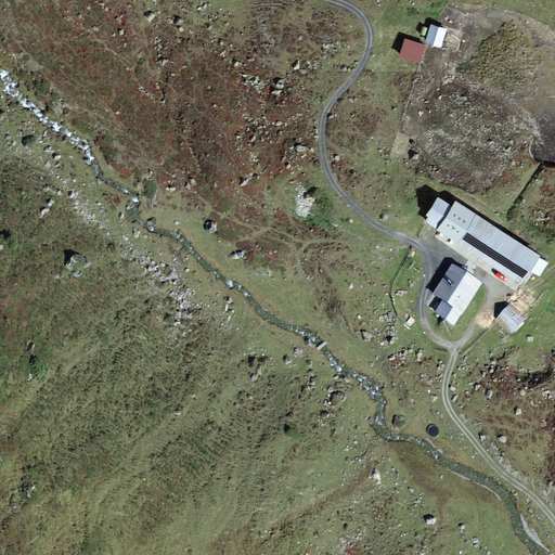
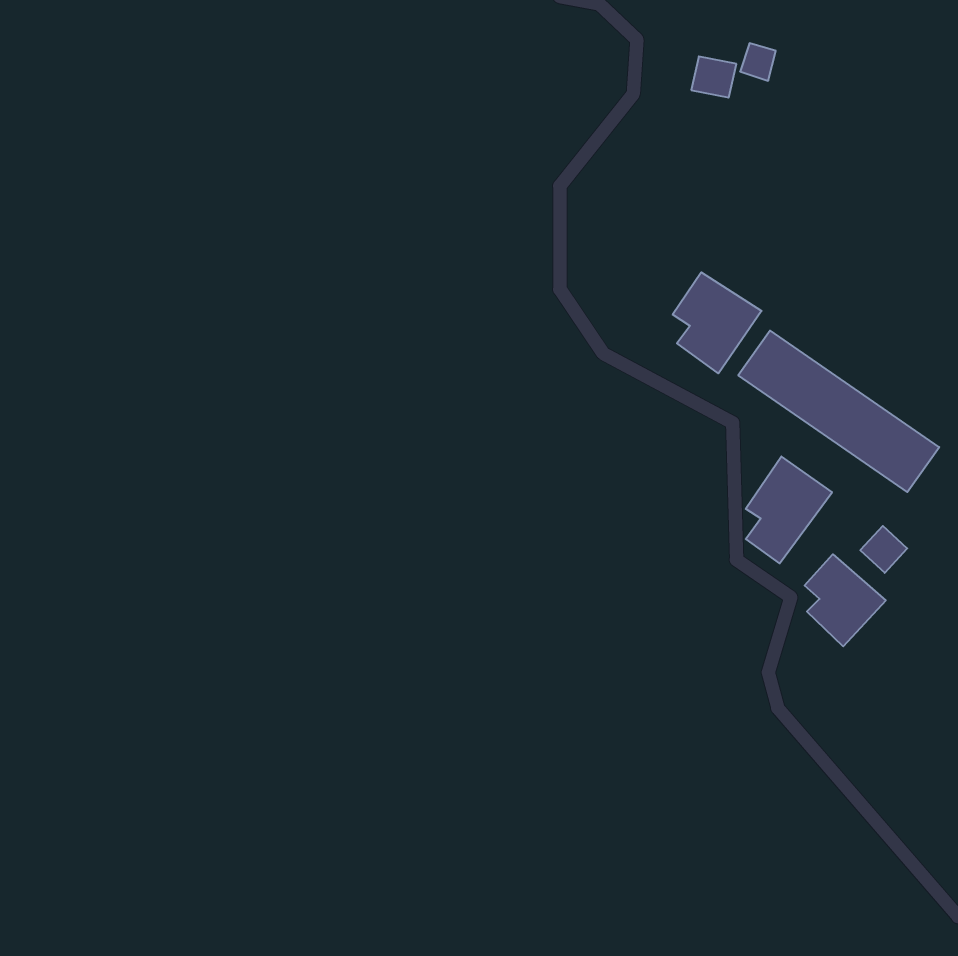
building: none -> [673,272,762,373]
building: none -> [805,554,886,646]

